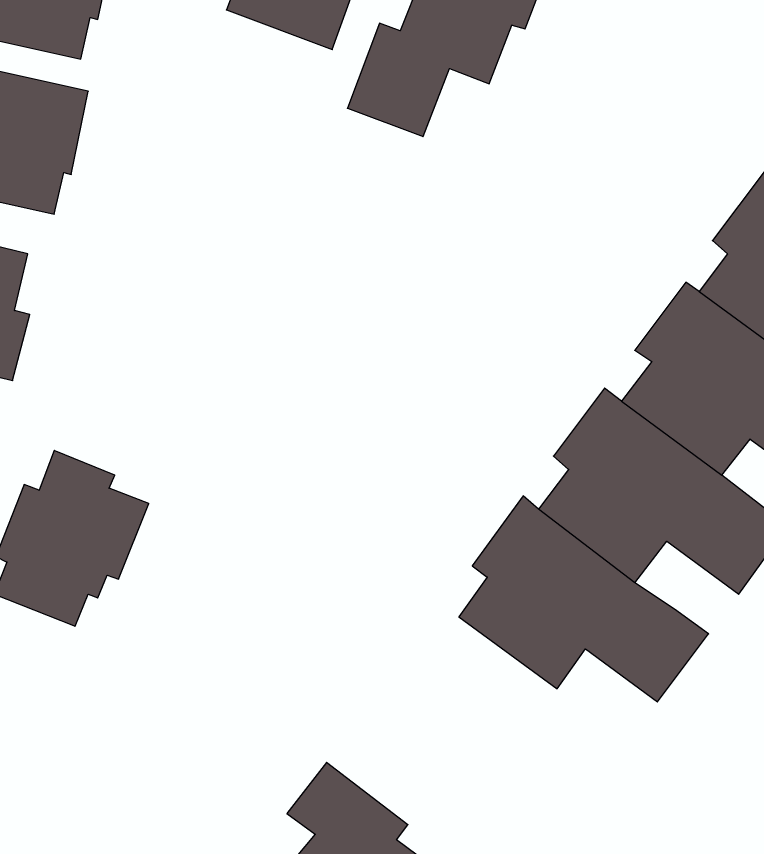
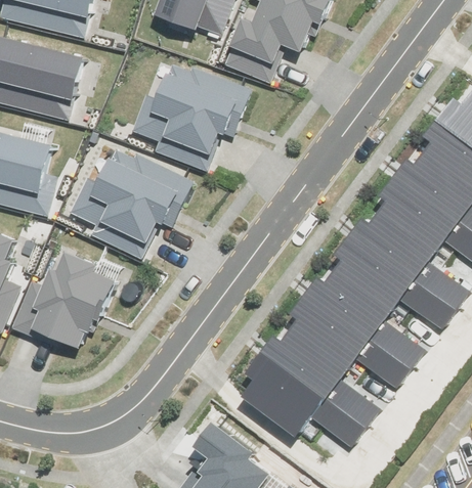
building: none -> [152,65,250,168]
building: none -> [91,150,191,256]
building: none -> [241,332,378,448]

